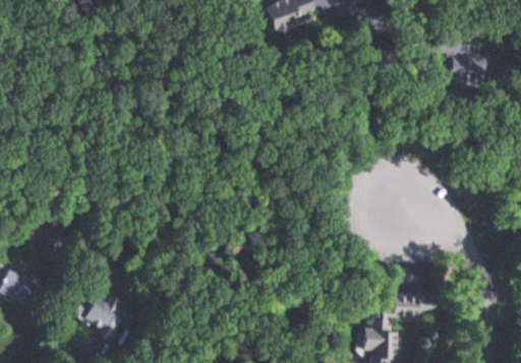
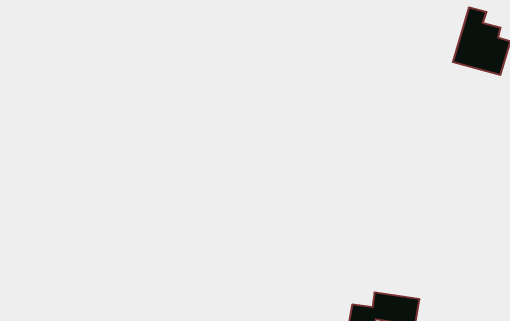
building: [73,292,134,336] -> none

